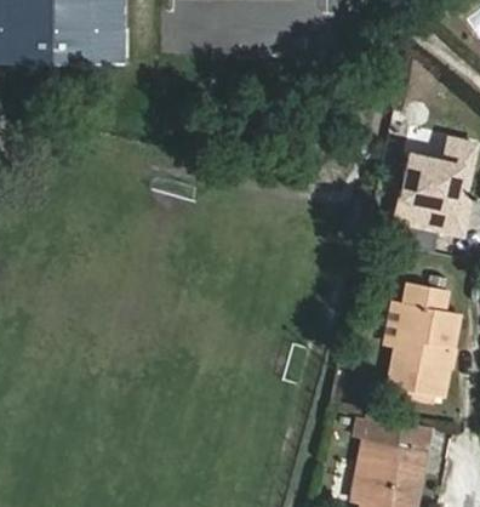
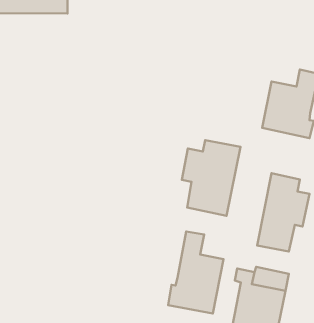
building: none -> [182,140,240,216]
building: none -> [168,231,224,313]

